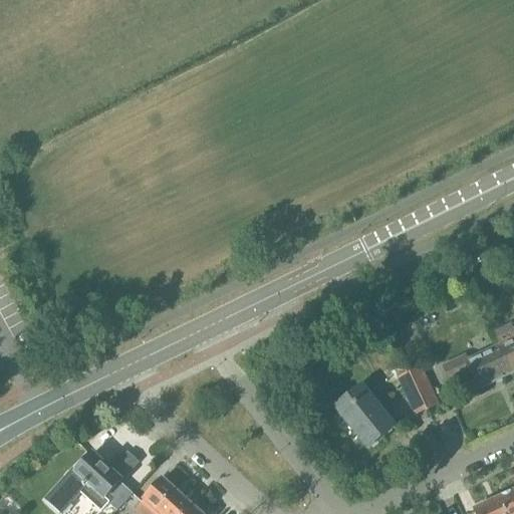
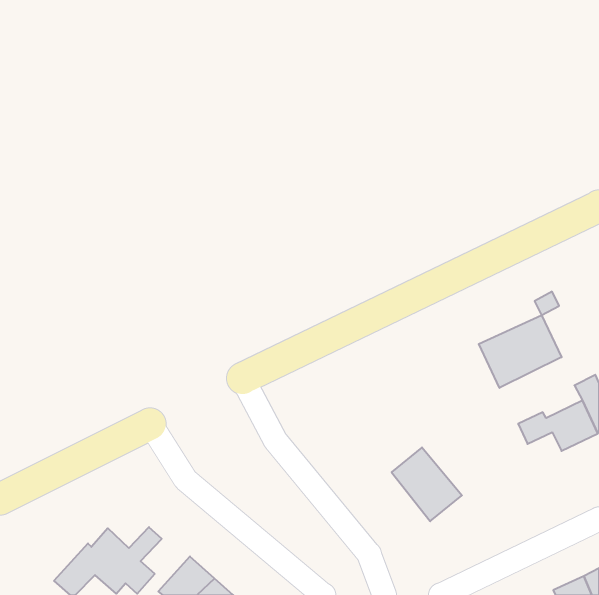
building: none -> [479,315,562,388]
building: [396,365,438,415] -> none

